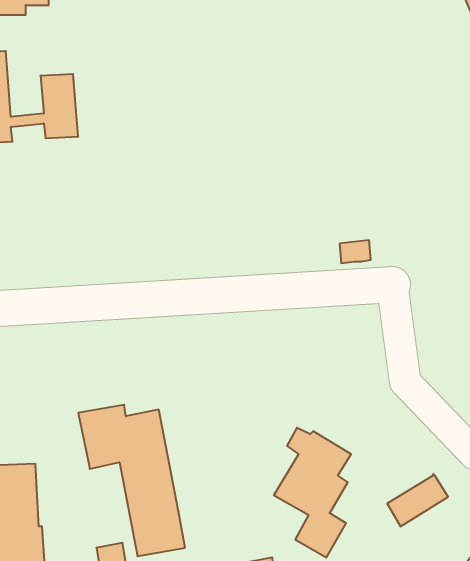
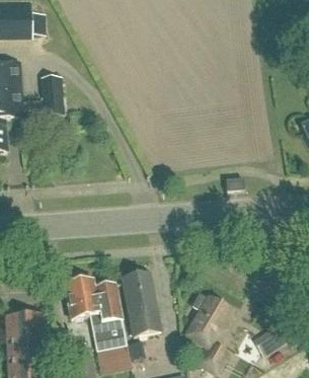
building: none -> [122,273,160,335]

